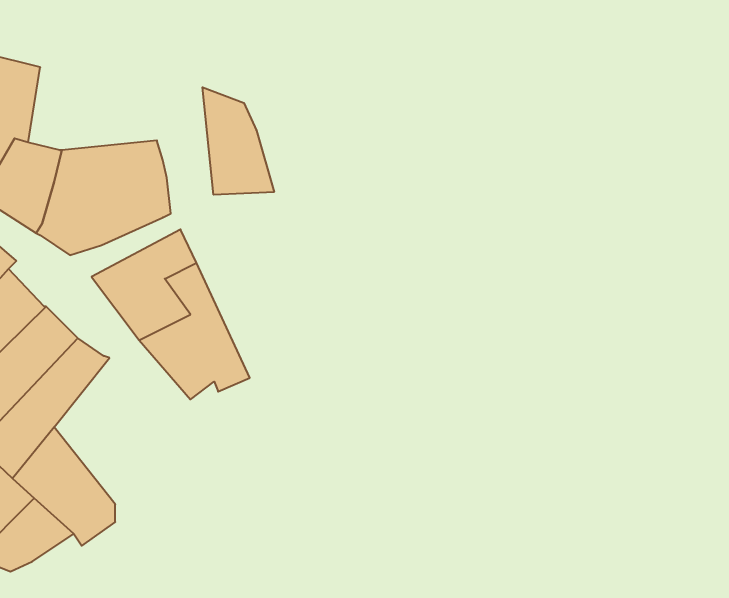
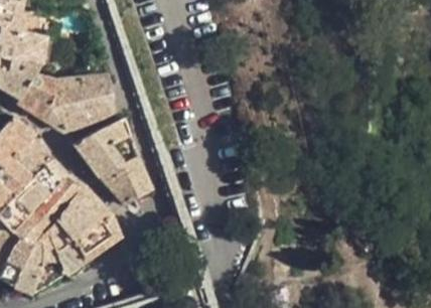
building: [202,87,274,195] -> none
building: none -> [54,184,119,259]

